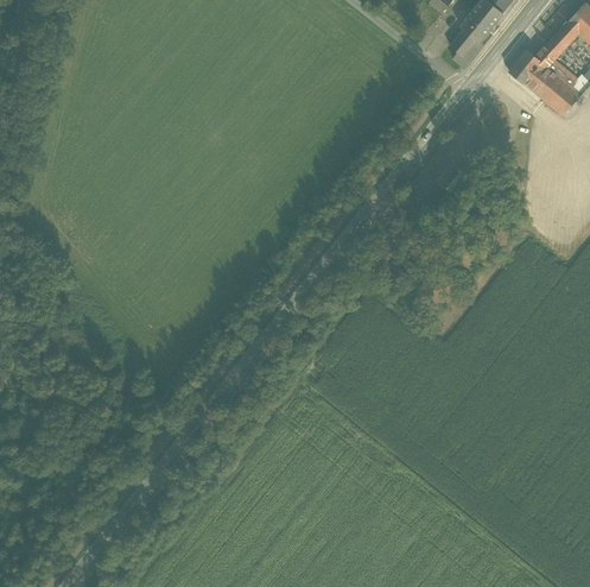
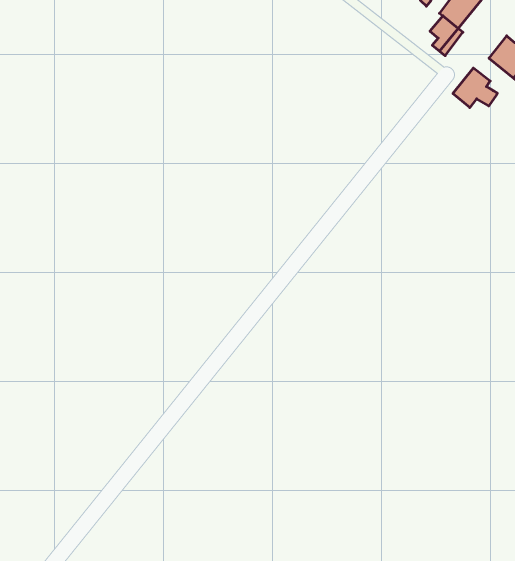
building: none -> [453,68,497,108]

